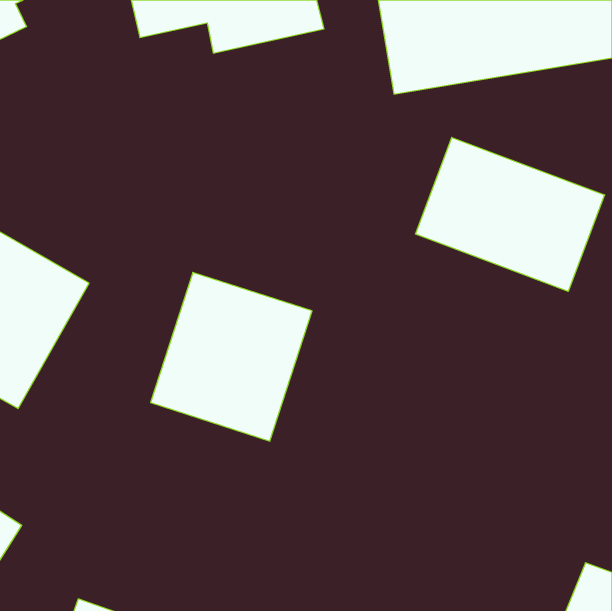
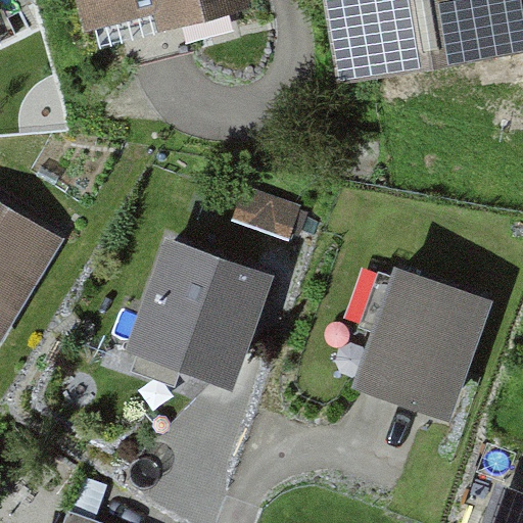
building: [415,137,605,291] -> none
building: none -> [351,264,483,409]

